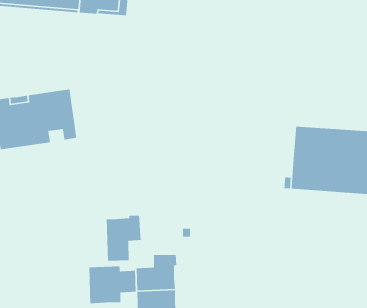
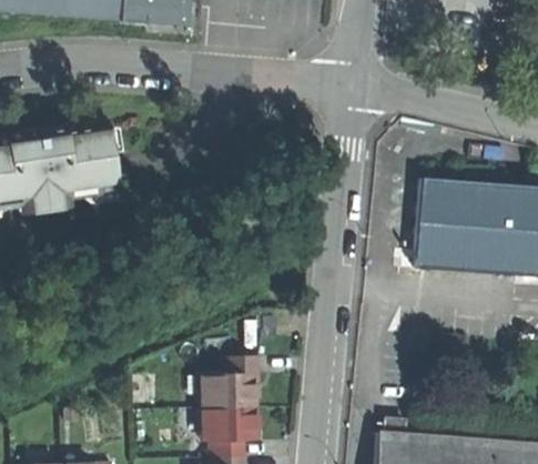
building: [106,215,142,262] -> none
building: [88,266,137,304] -> none

